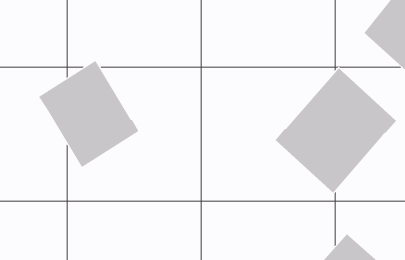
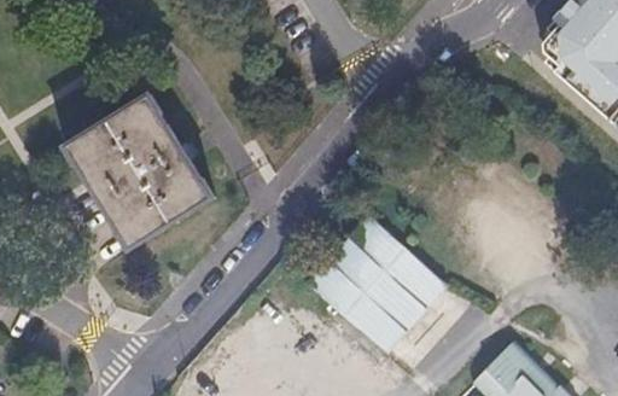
building: [275,68,397,193] -> none
building: none -> [308,214,445,349]

